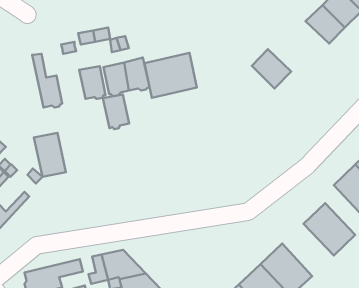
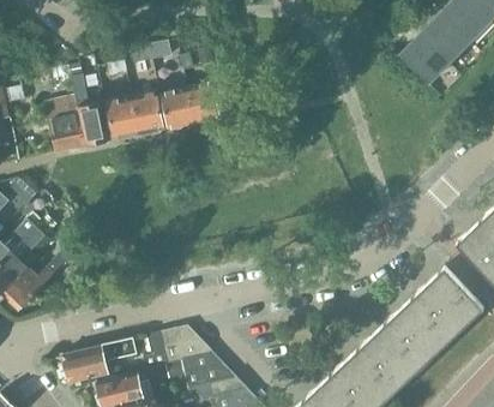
building: [252,49,291,88] -> [399,34,450,84]
building: [144,53,197,98] -> none
building: [103,94,129,129] -> [106,96,139,140]
building: [34,133,66,177] -> [44,97,85,154]
building: none -> [390,293,456,360]

